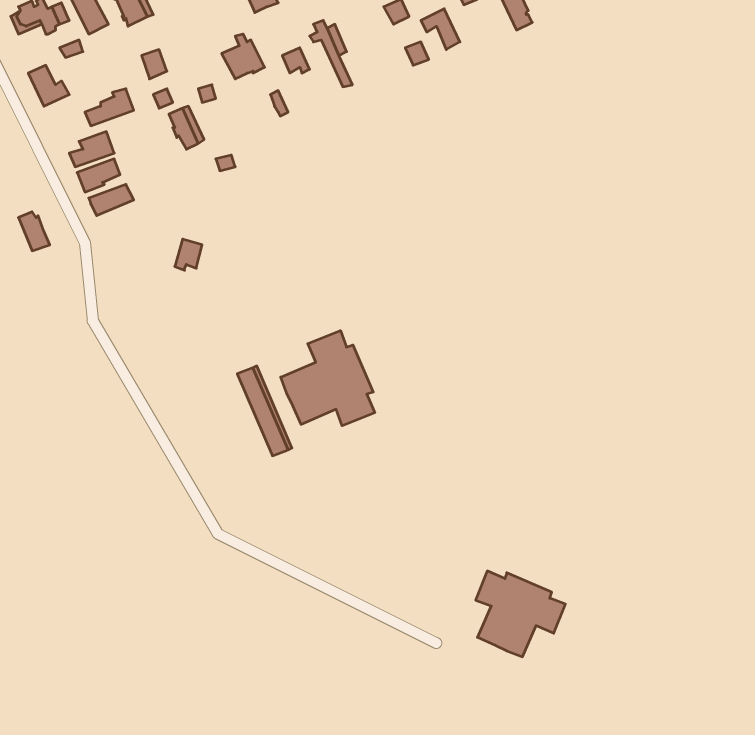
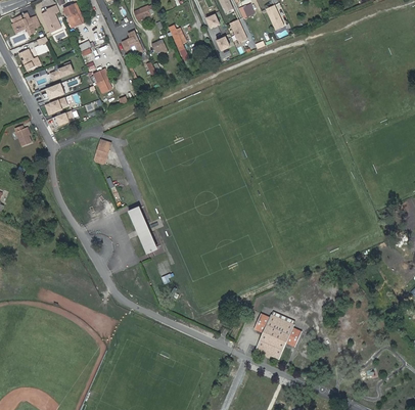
building: [281,331,375,426] -> none

